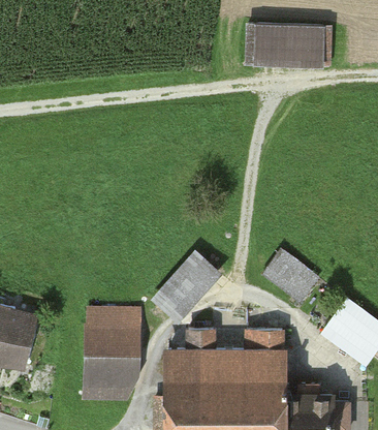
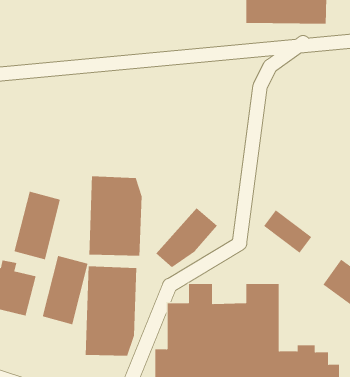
building: none -> [89,176,142,257]
building: none -> [14,191,61,260]
building: none -> [42,255,88,325]

